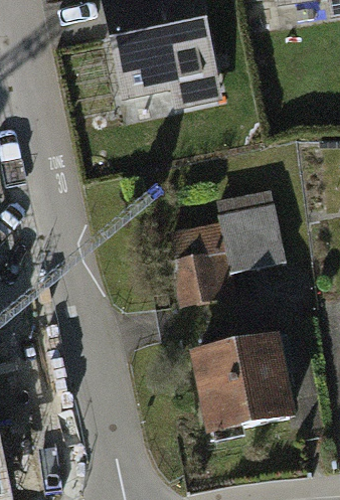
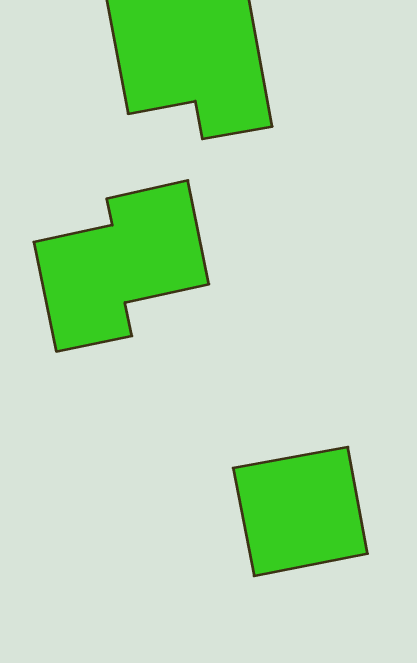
building: [160,187,286,310] -> [34,180,209,351]

